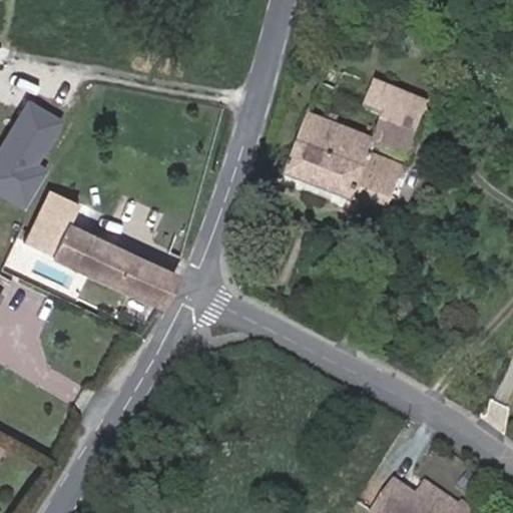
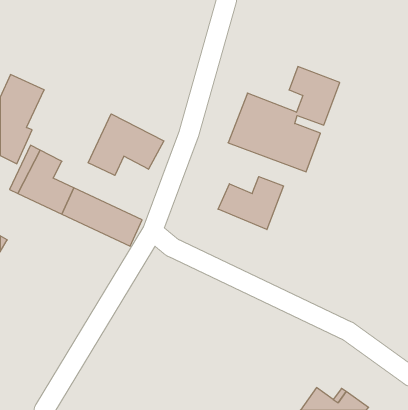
building: none -> [88,114,164,175]
building: none -> [218,177,283,230]

